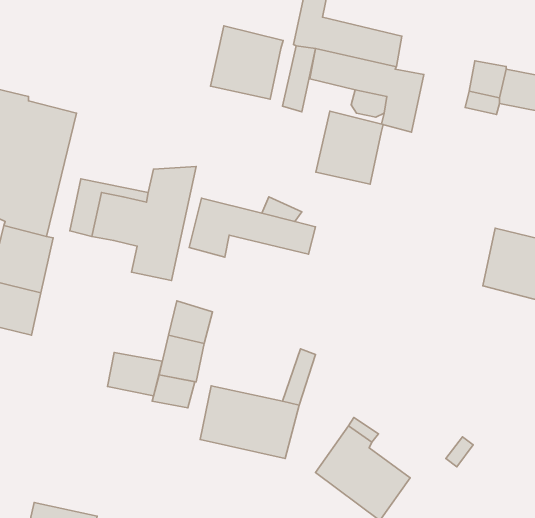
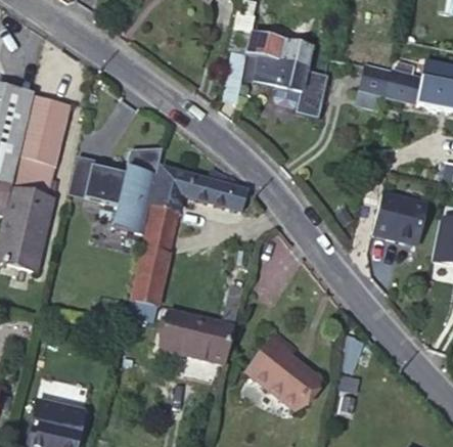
building: [210,26,283,99] -> none
building: [316,111,383,184] -> none
building: none -> [144,205,180,253]
building: [108,352,162,396] -> none

